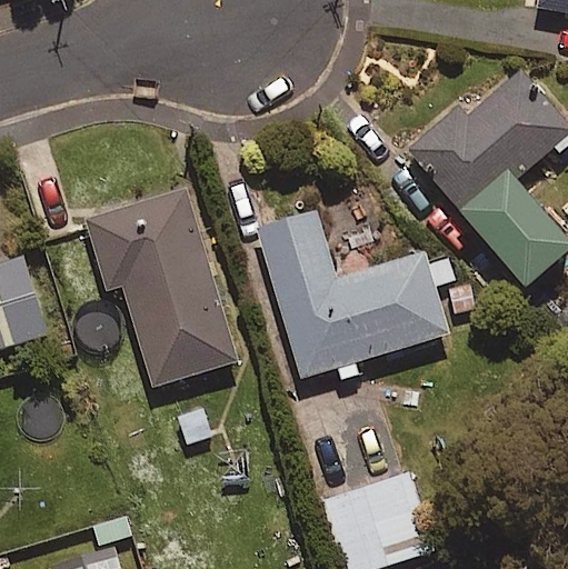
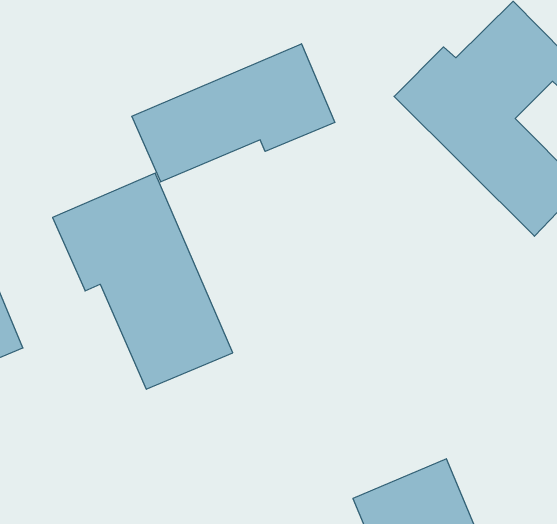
building: none -> [132,44,335,182]
building: [260,217,459,387] -> none

